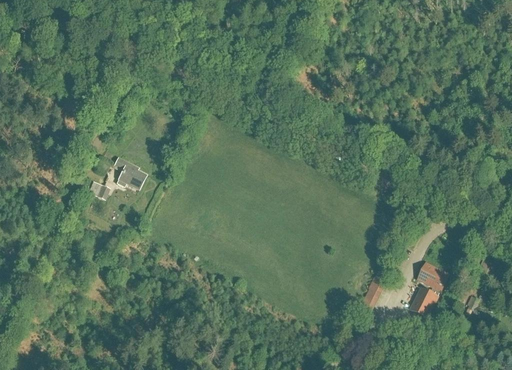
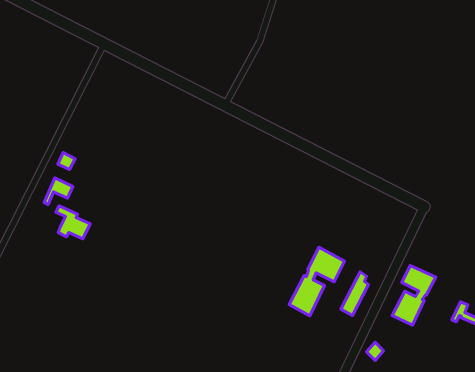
building: [113,158,145,189] -> [56,206,90,239]
building: none -> [289,247,345,316]

